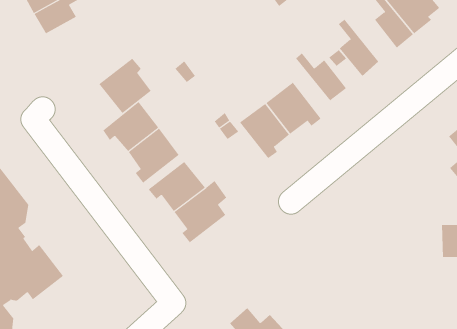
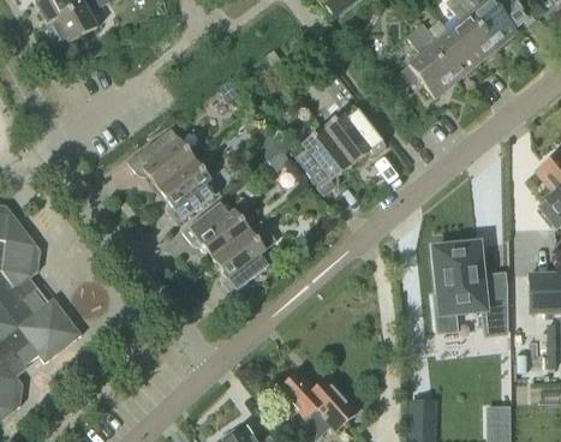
building: [295,53,347,101] -> [414,22,476,79]
building: [98,58,152,114] -> none
building: none -> [434,241,506,335]

